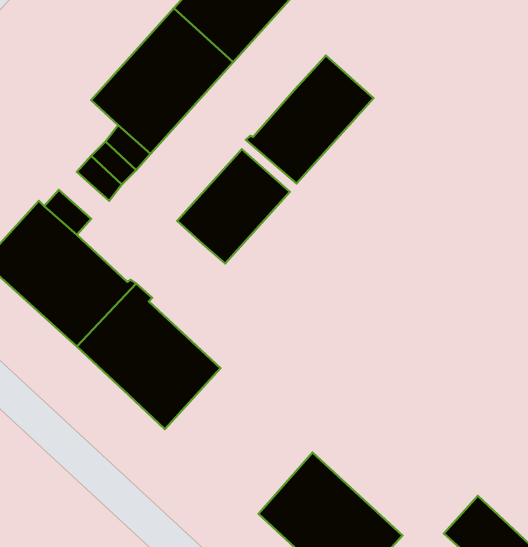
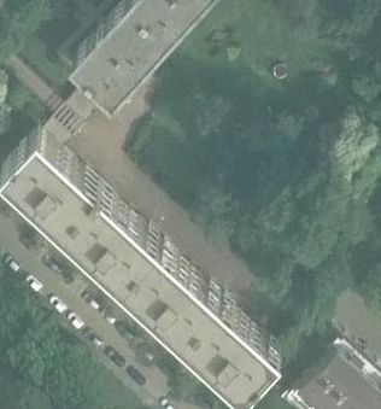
building: [246,55,374,183] -> none
building: [177,149,290,264] -> none
building: none -> [122,252,221,350]

